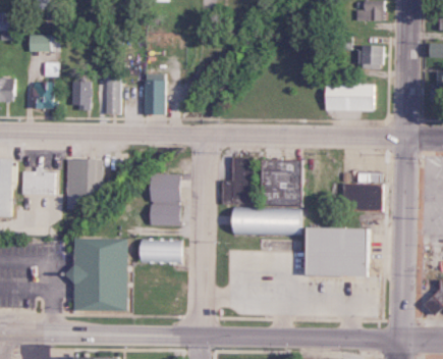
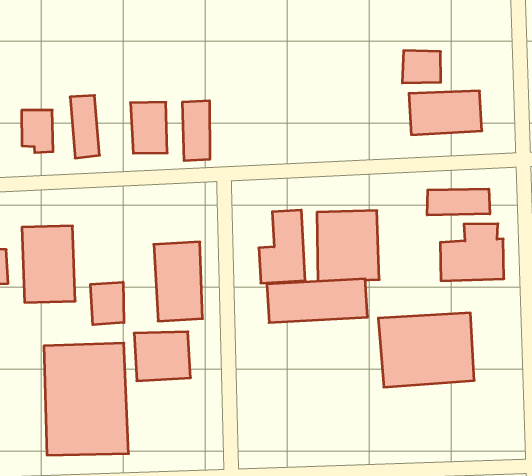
building: [358,46,385,68] -> [402,51,441,83]
building: none -> [183,101,210,161]
building: none -> [427,189,490,215]
building: none -> [91,282,124,325]

